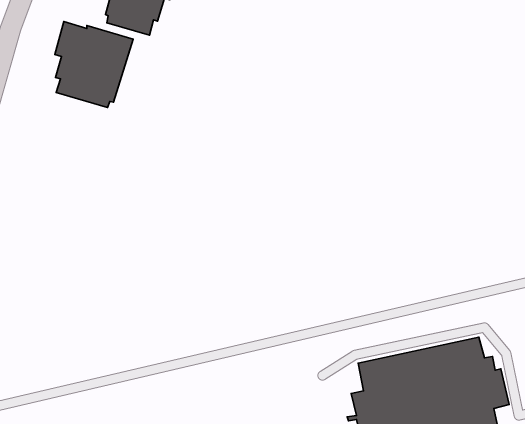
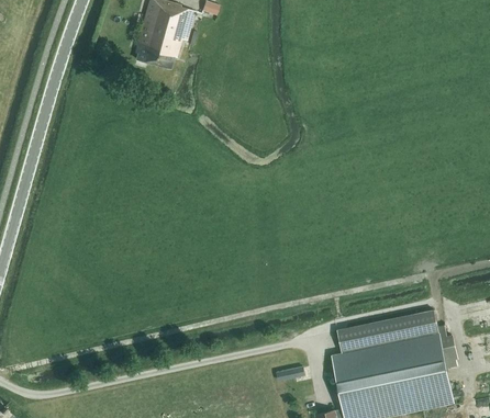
building: [55,22,133,107] -> none

